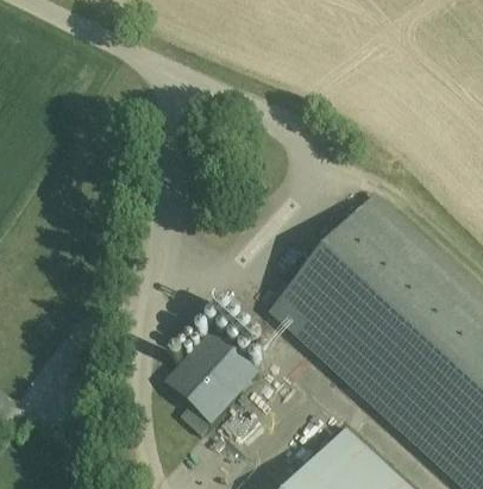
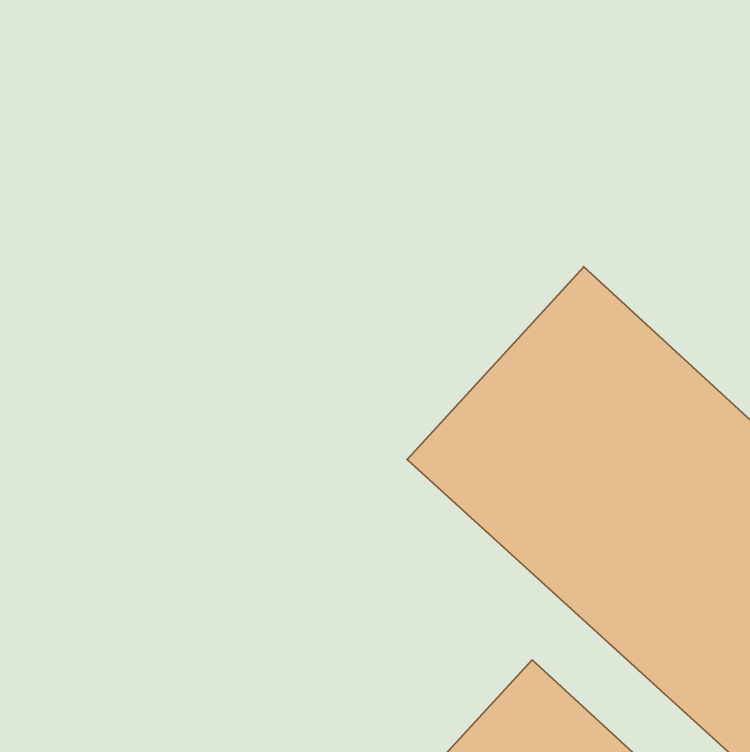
building: [164,328,257,424] -> none

